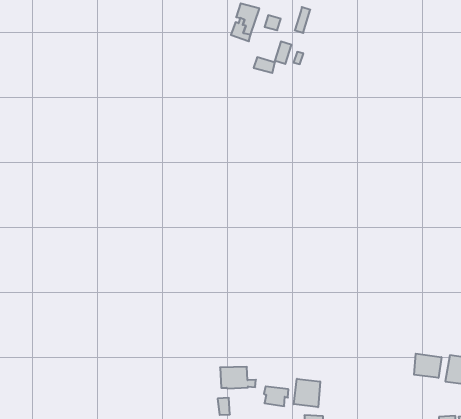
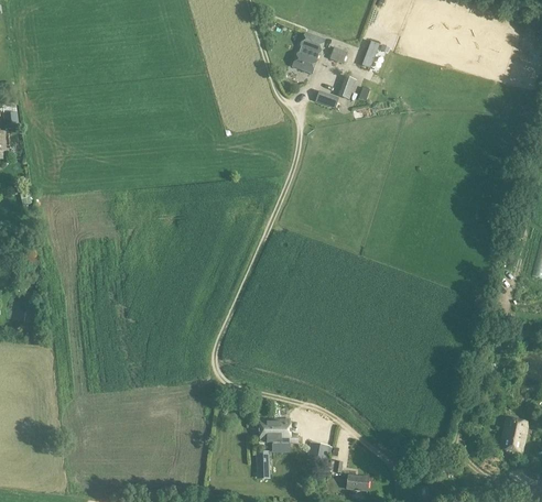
building: [414,354,441,378] -> none
building: [294,379,320,407] -> none

